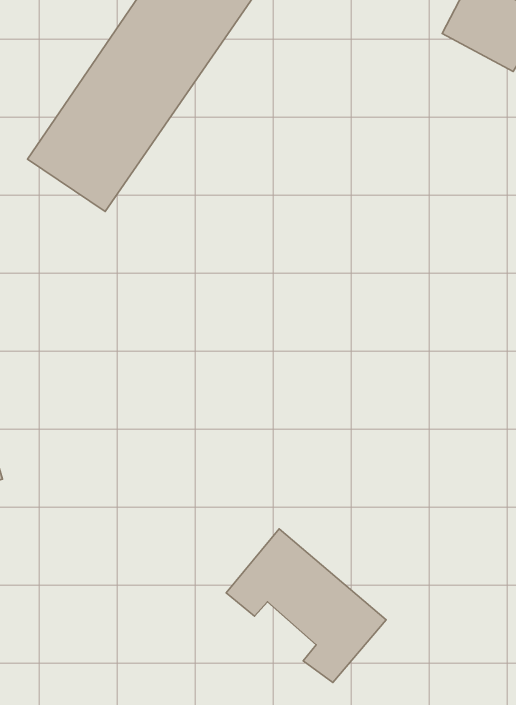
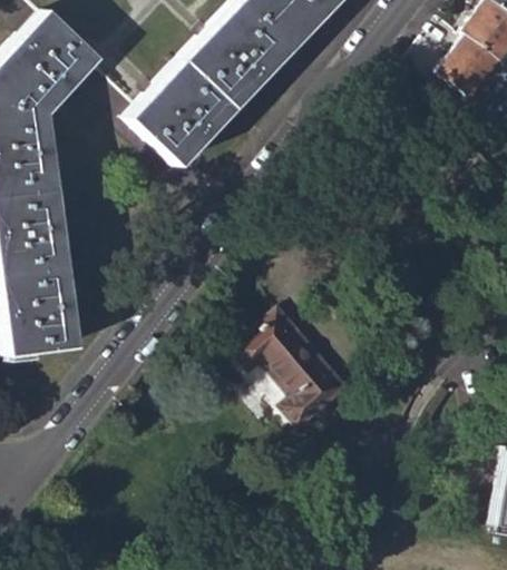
building: [226,529,386,682] -> [238,311,351,428]

